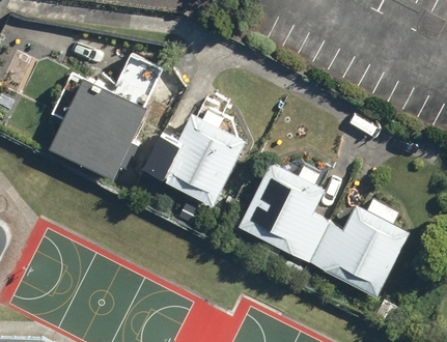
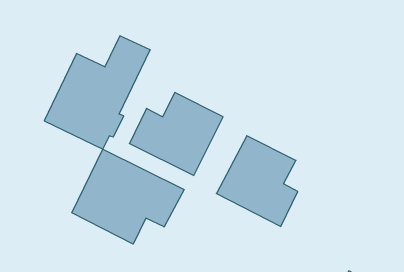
building: none -> [72,149,184,244]
building: [308,202,410,293] -> none

